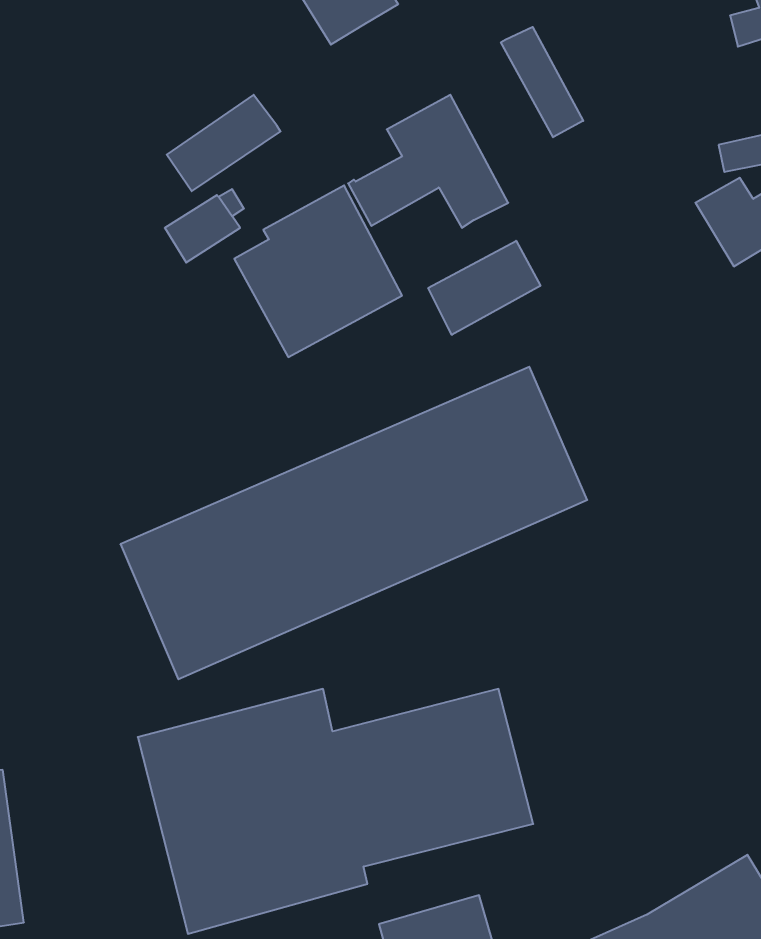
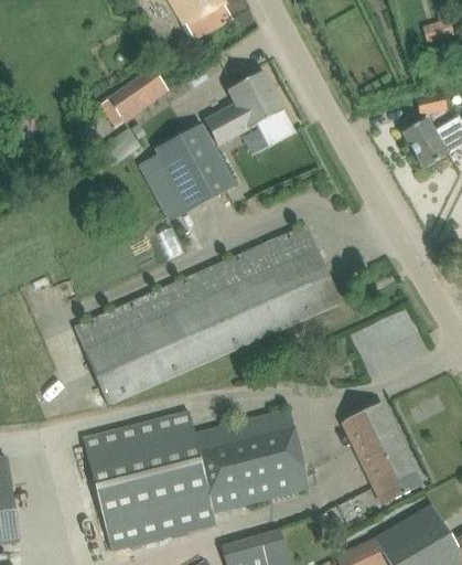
building: [501,27,583,137] -> none
building: [428,241,540,335] -> none
building: none -> [341,404,421,505]

